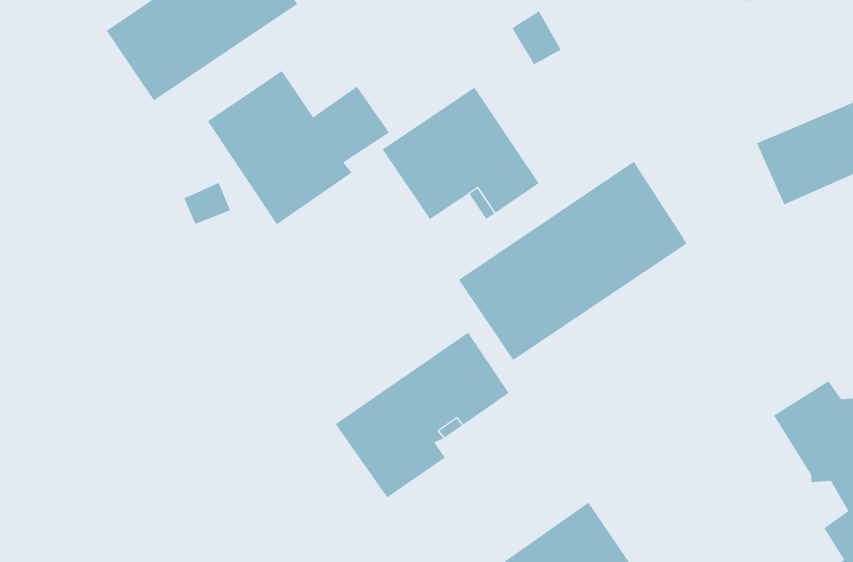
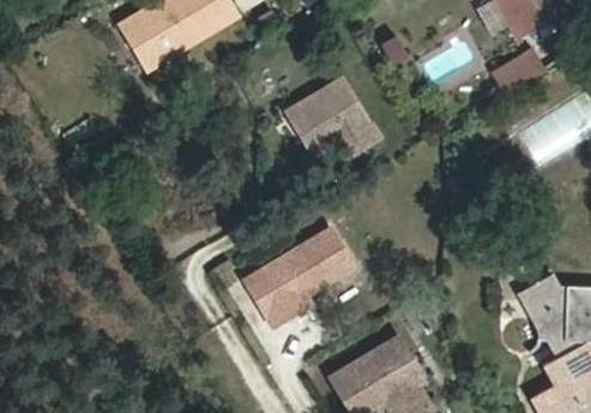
building: none -> [490,48,545,95]
building: [207,70,390,225] -> none
building: [458,161,688,361] -> none

